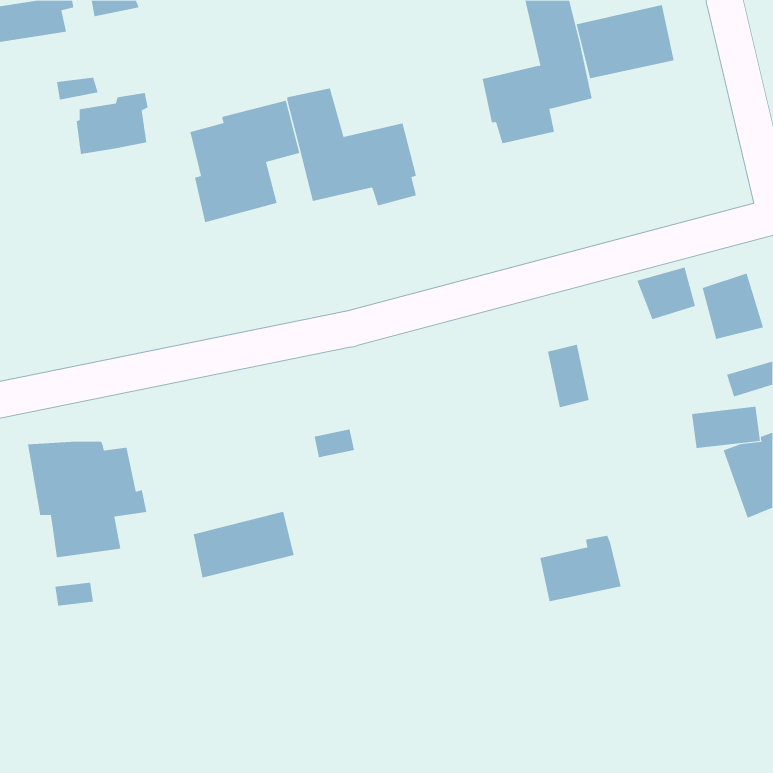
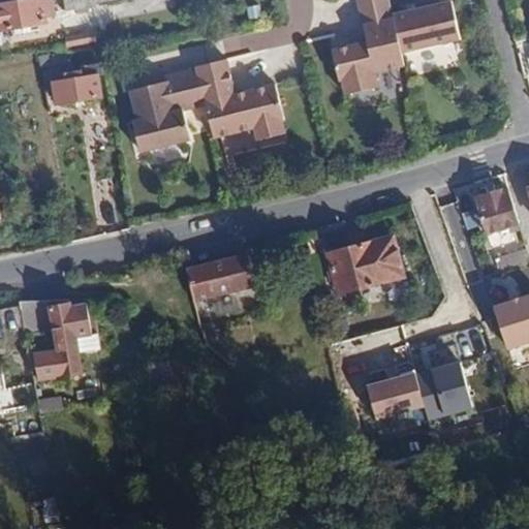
building: none -> [331,241,381,290]
building: [193,511,294,578] -> [189,251,258,297]
building: none -> [416,360,470,414]

